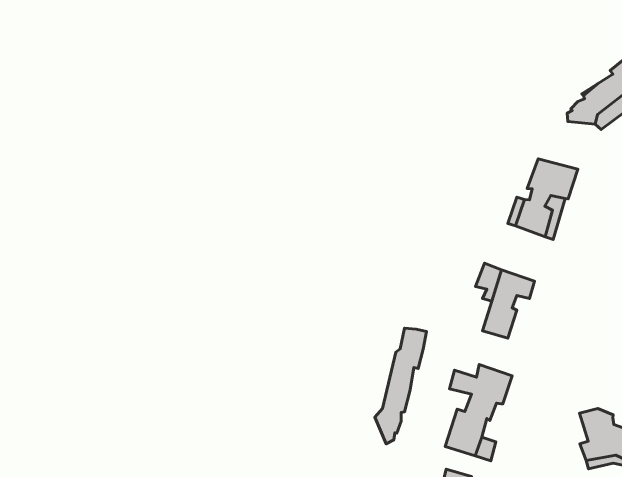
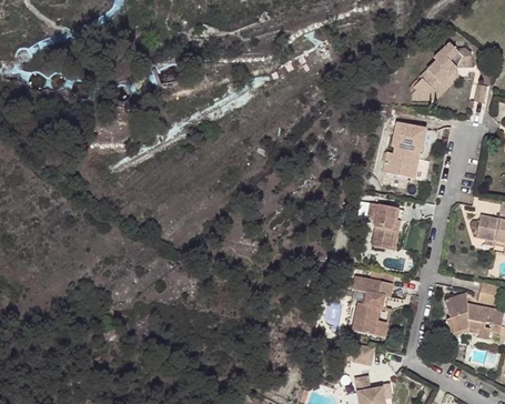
building: [375,328,427,444] -> none

